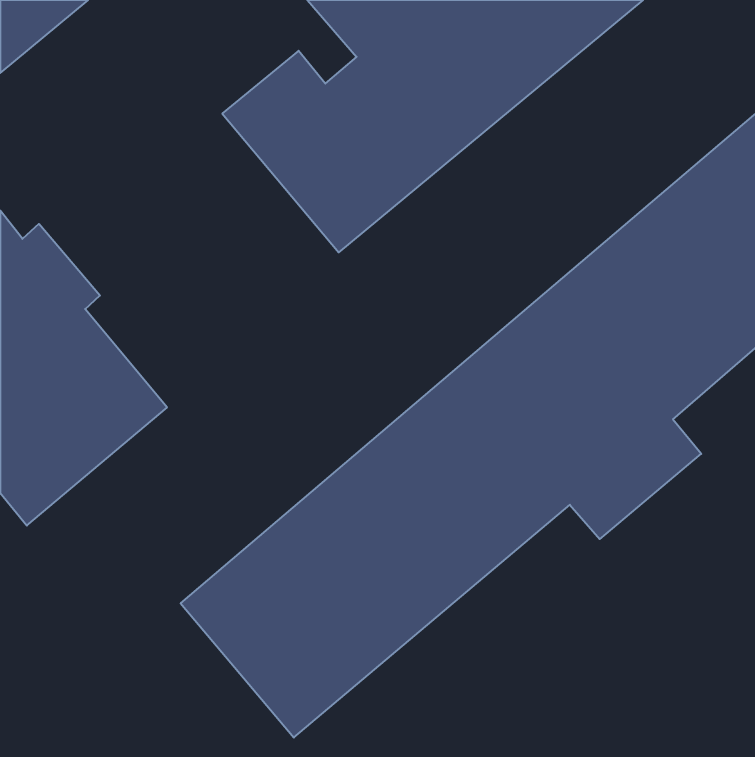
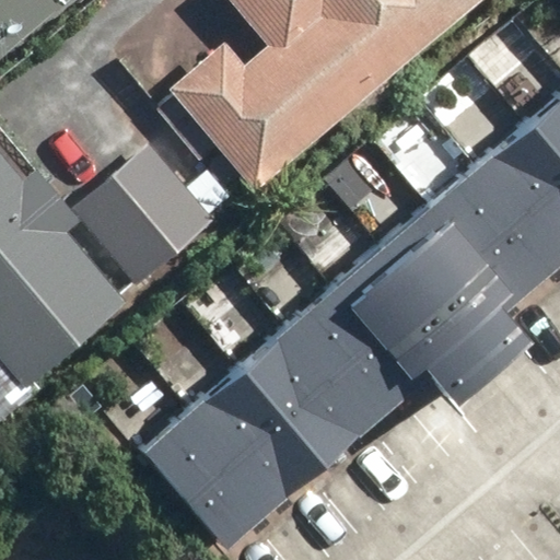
building: none -> [72,125,238,287]

